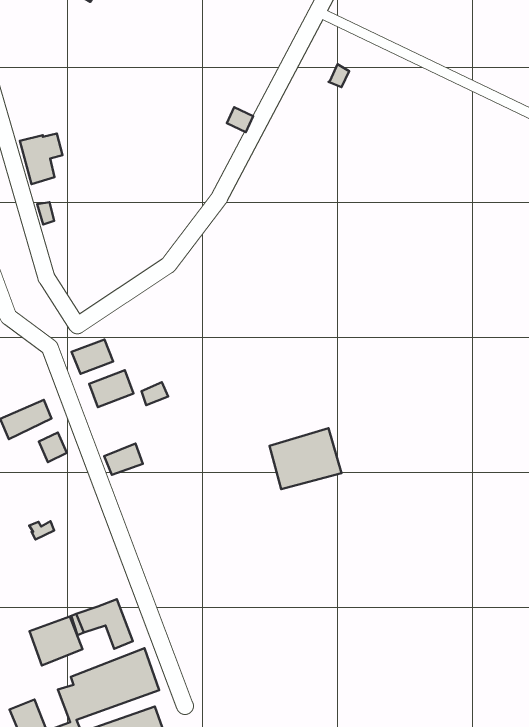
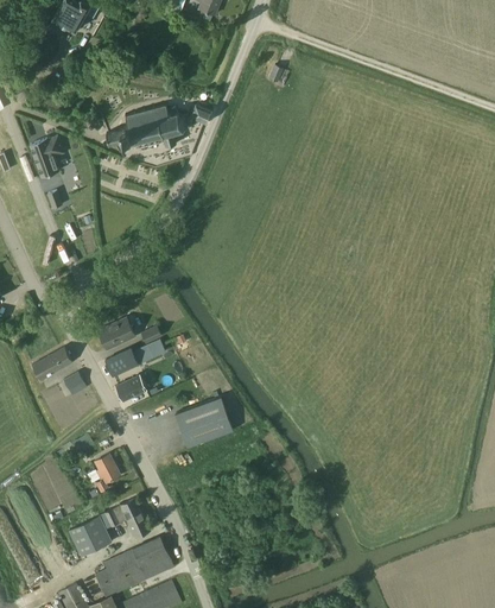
building: none -> [107,103,189,147]
building: [72,340,113,374] -> [106,348,139,376]
building: [270,428,341,489] -> [176,397,234,448]
building: none -> [95,454,121,492]

